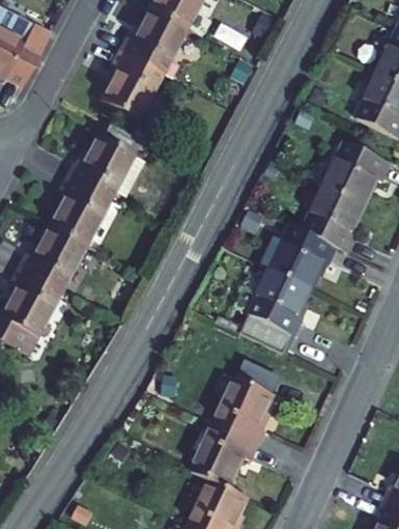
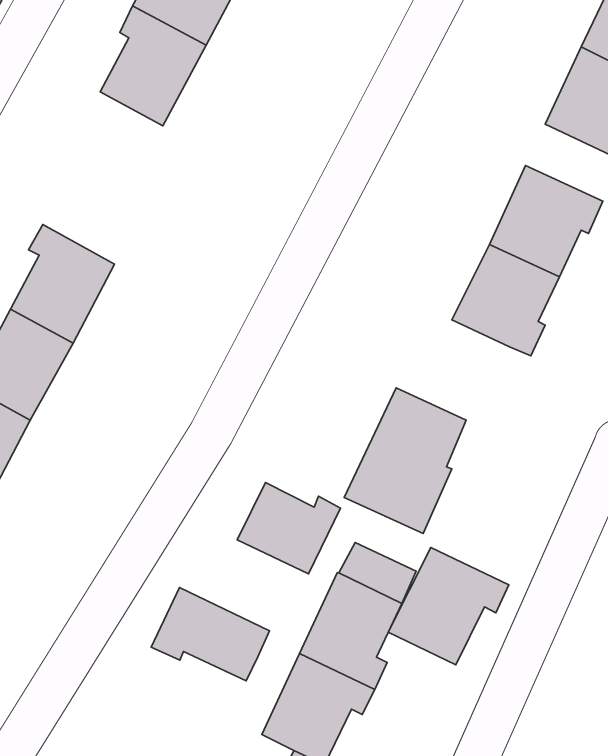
building: [67,121,144,198] -> none
building: [272,225,337,288] -> none
building: none -> [237,483,340,574]
building: none -> [388,548,509,665]
building: none -> [151,587,269,681]

